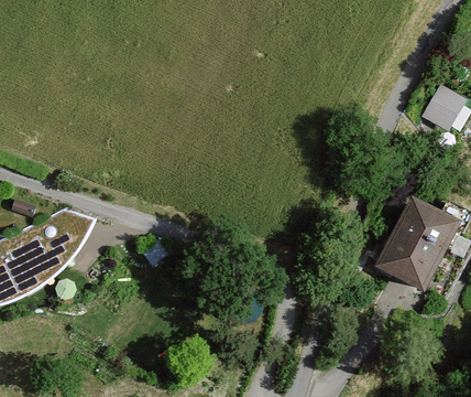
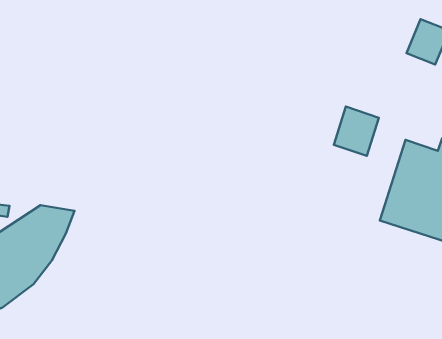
building: none -> [334,107,379,156]

